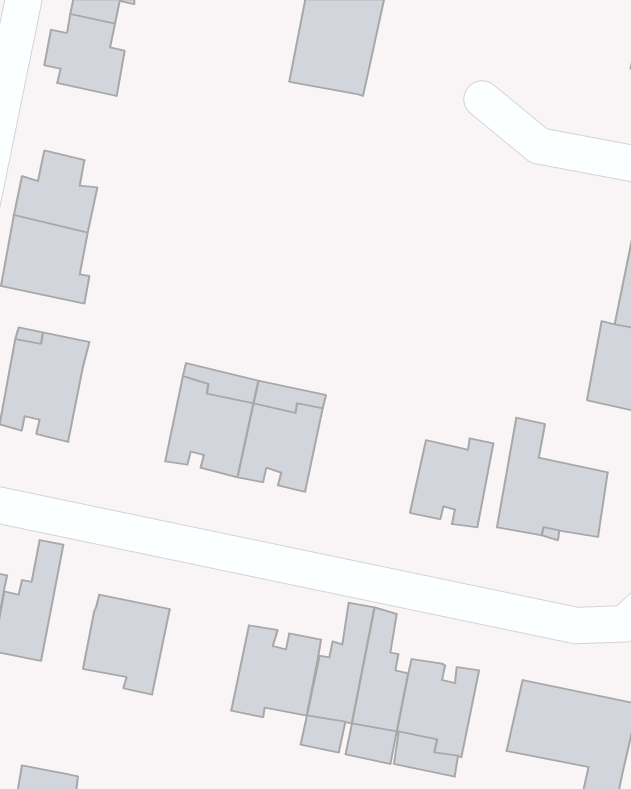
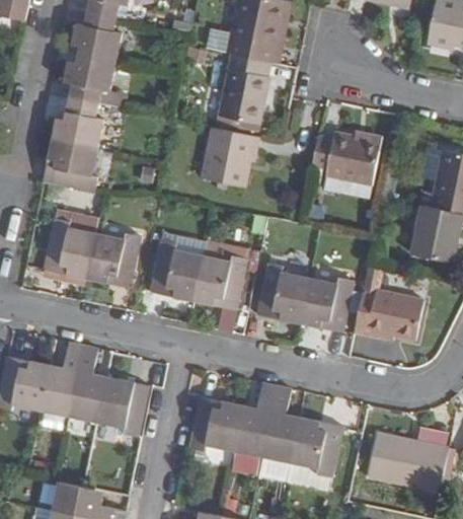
building: none -> [63,54,129,107]
building: none -> [214,54,268,125]
building: none -> [200,126,258,189]
building: none -> [310,132,378,184]
building: none -> [86,231,141,288]
building: none -> [256,263,311,324]
building: none -> [69,345,102,423]

